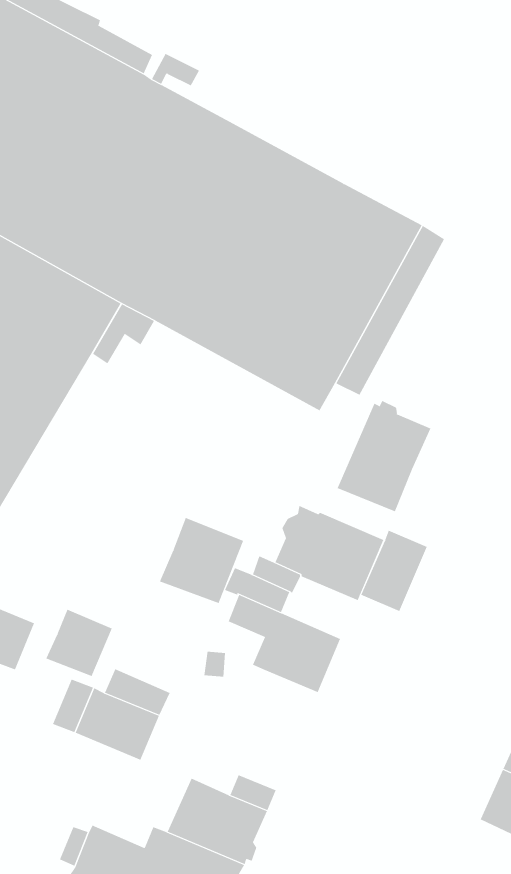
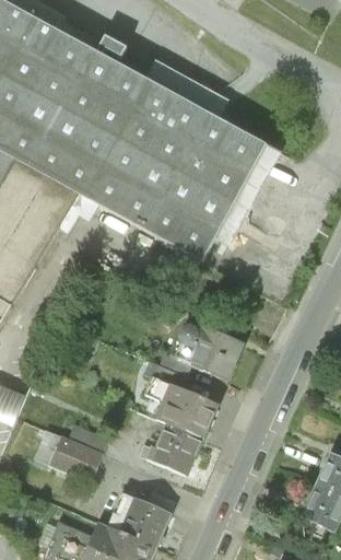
building: none -> [143,61,226,117]
building: [337,400,431,512] -> none
building: [159,517,244,604] -> none
building: [360,530,427,612] -> none
building: [46,609,112,677] -> none
building: none -> [138,423,201,476]

